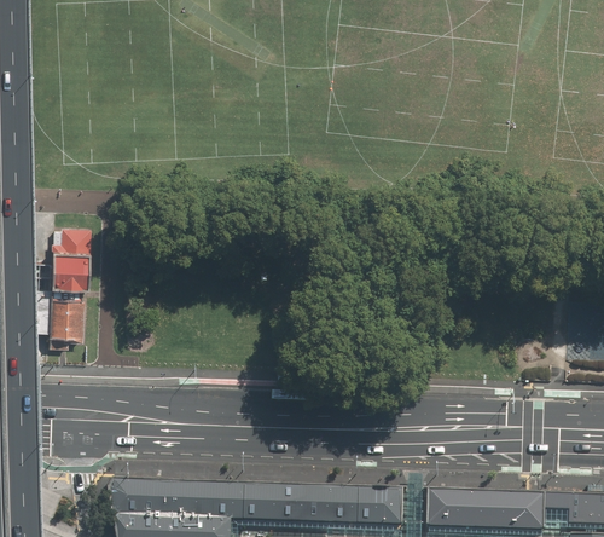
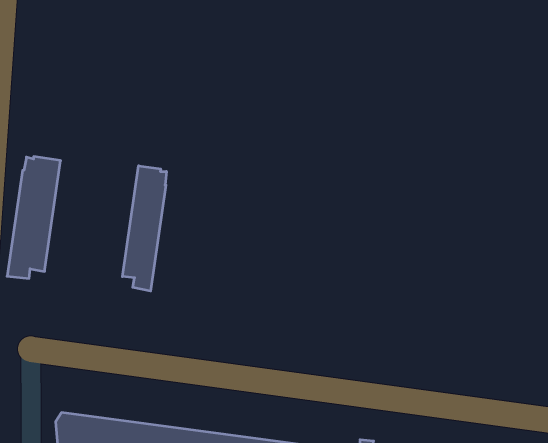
building: none -> [122,166,166,291]

